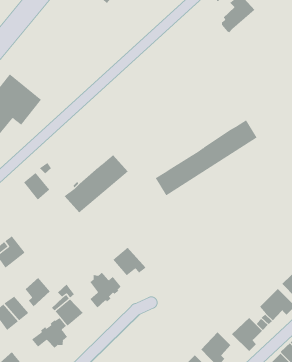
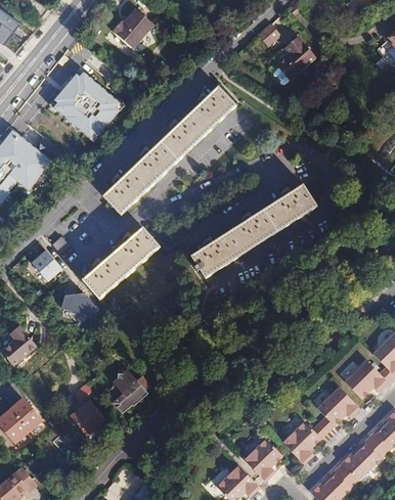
building: none -> [50,70,125,142]
building: none -> [102,87,233,214]
building: none -> [60,290,99,317]
building: [112,247,146,276] -> none
building: [25,277,50,307] -> none
building: [31,317,68,349] -> none

